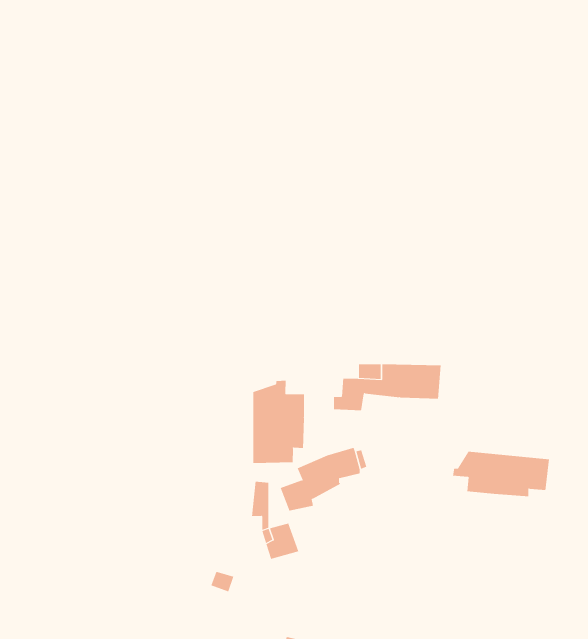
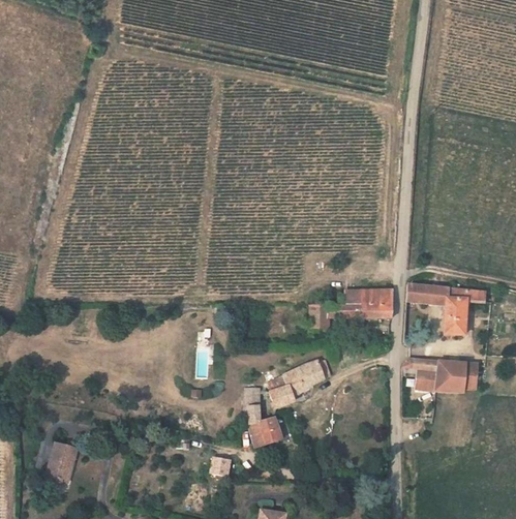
building: none -> [408,284,484,335]
building: [253,380,304,464] -> none
building: none -> [49,436,80,474]

